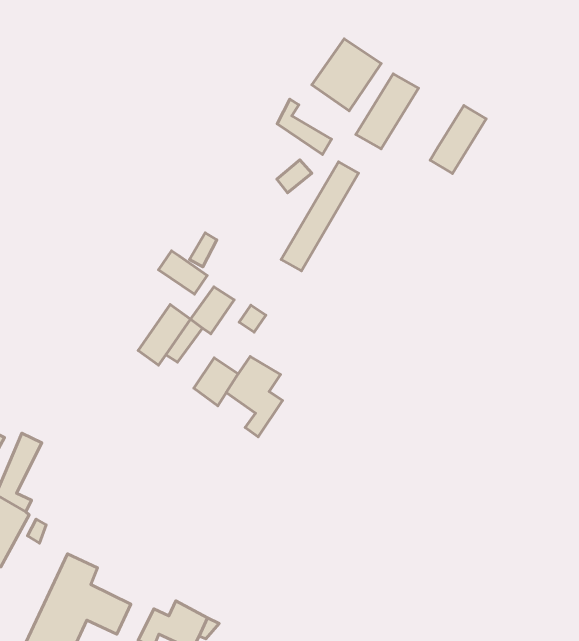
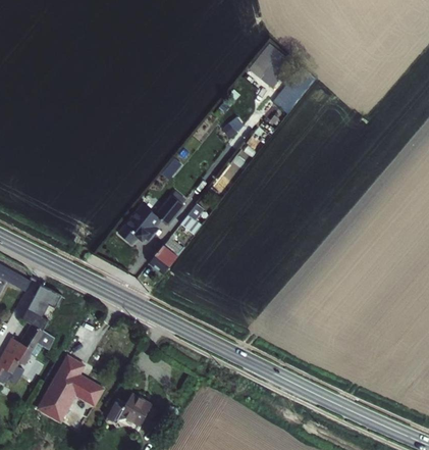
building: [277,99,332,154] -> none
building: [430,105,486,174] -> none
building: [159,251,207,294] -> none
building: [226,356,282,437] -> none

